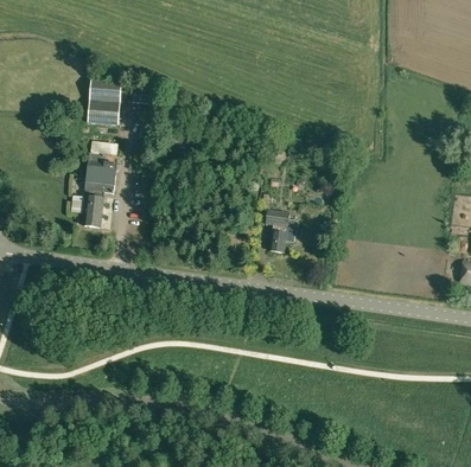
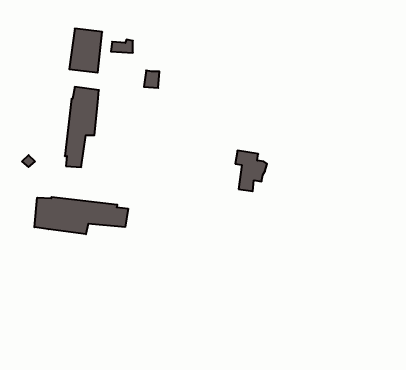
building: none -> [34,197,128,234]

